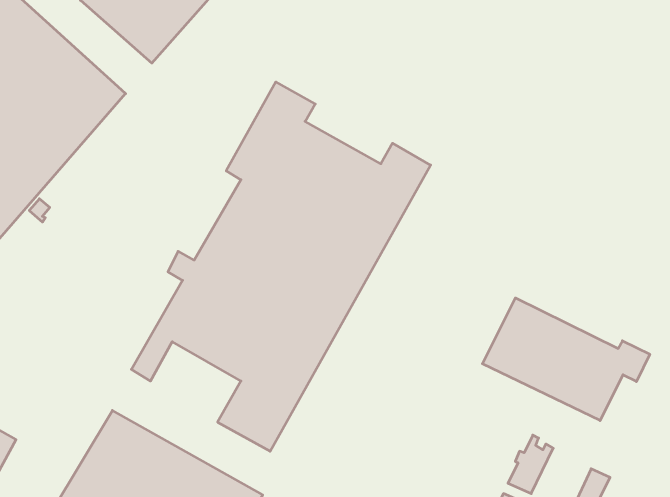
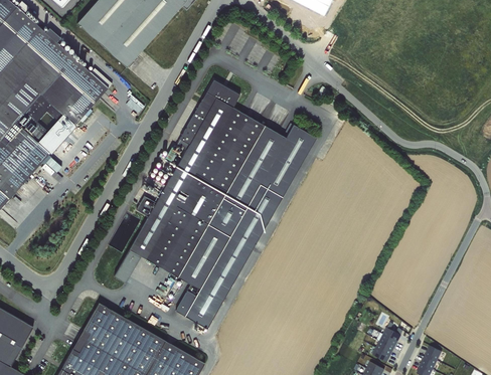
building: [482,298,650,421] -> none

